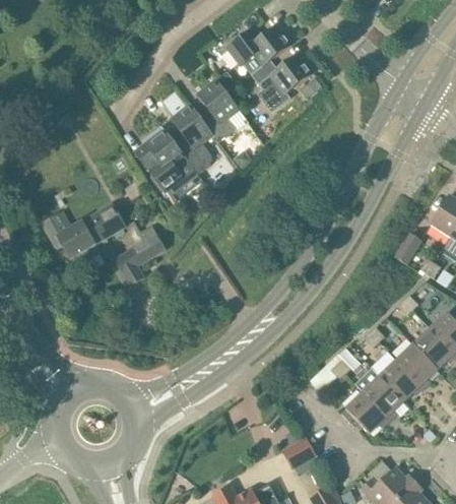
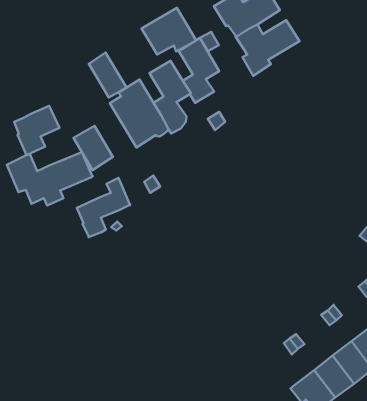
building: none -> [142,8,196,55]
building: none -> [89,53,126,97]
building: none -> [14,106,59,155]
building: none -> [73,126,113,170]

